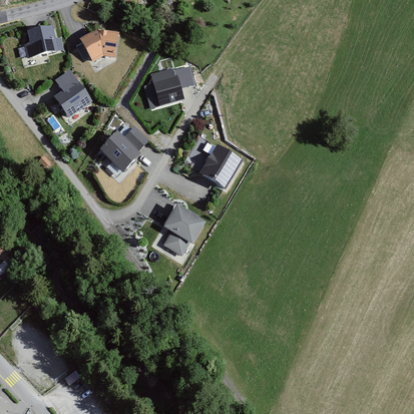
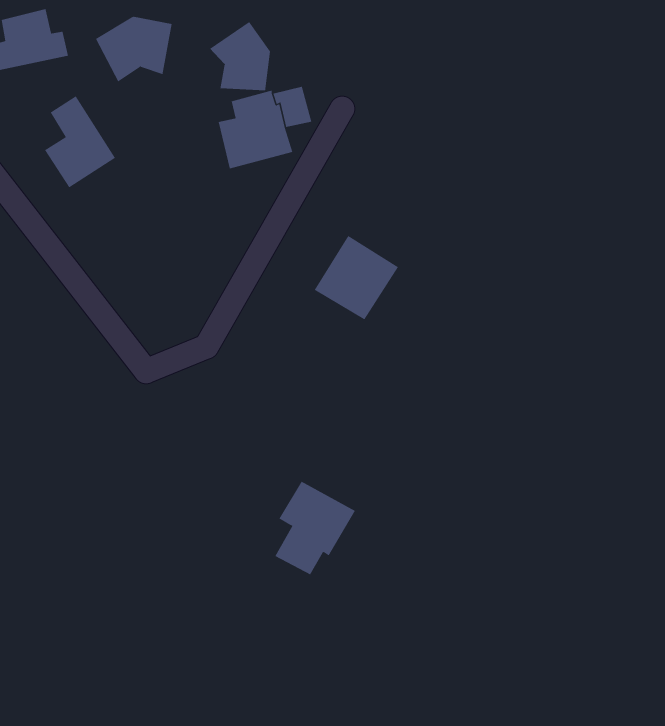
building: none -> [209,21,271,91]
building: [95,128,147,172] -> none
building: [163,203,206,254] -> [275,481,356,575]

